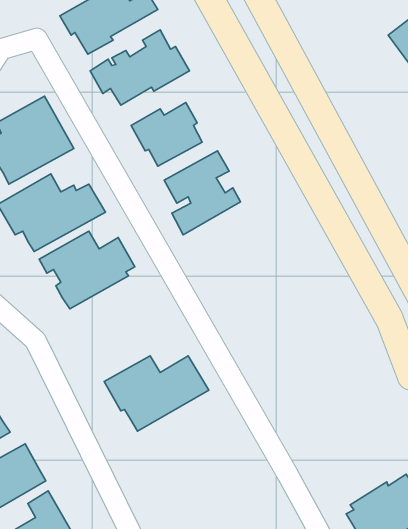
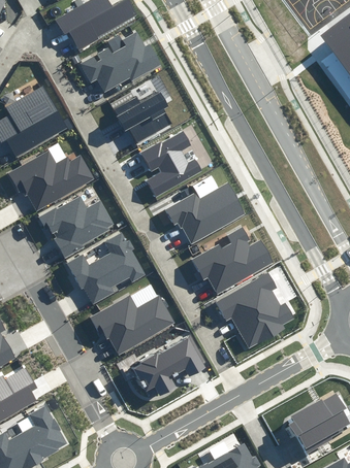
building: none -> [165,183,245,245]
building: none -> [191,227,273,295]
building: none -> [66,232,147,304]
building: none -> [215,272,293,349]
building: none -> [128,335,204,395]

